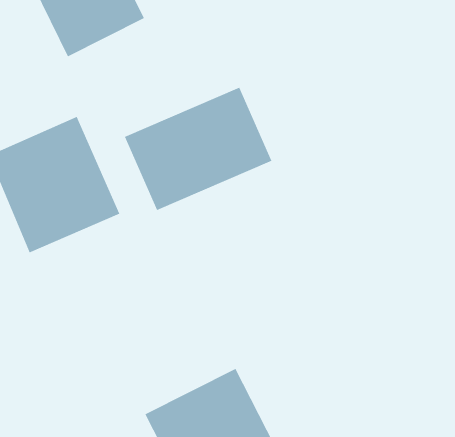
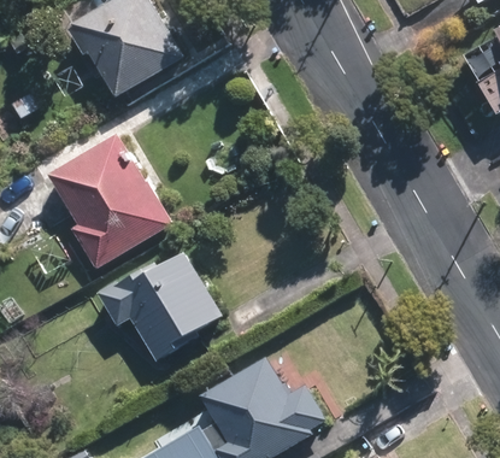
building: [124,87,272,211] -> none
building: none -> [128,263,224,358]

